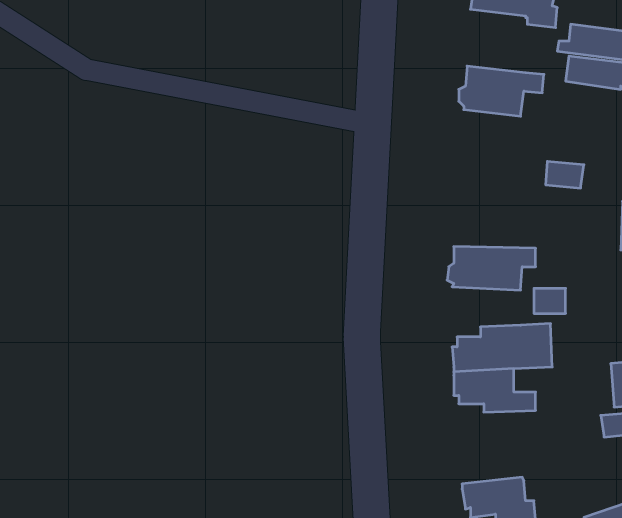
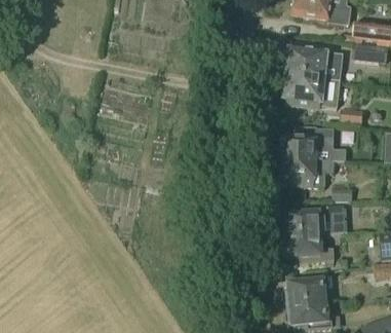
building: none -> [283,75,334,106]
building: none -> [279,135,345,160]
building: none -> [286,274,328,305]

